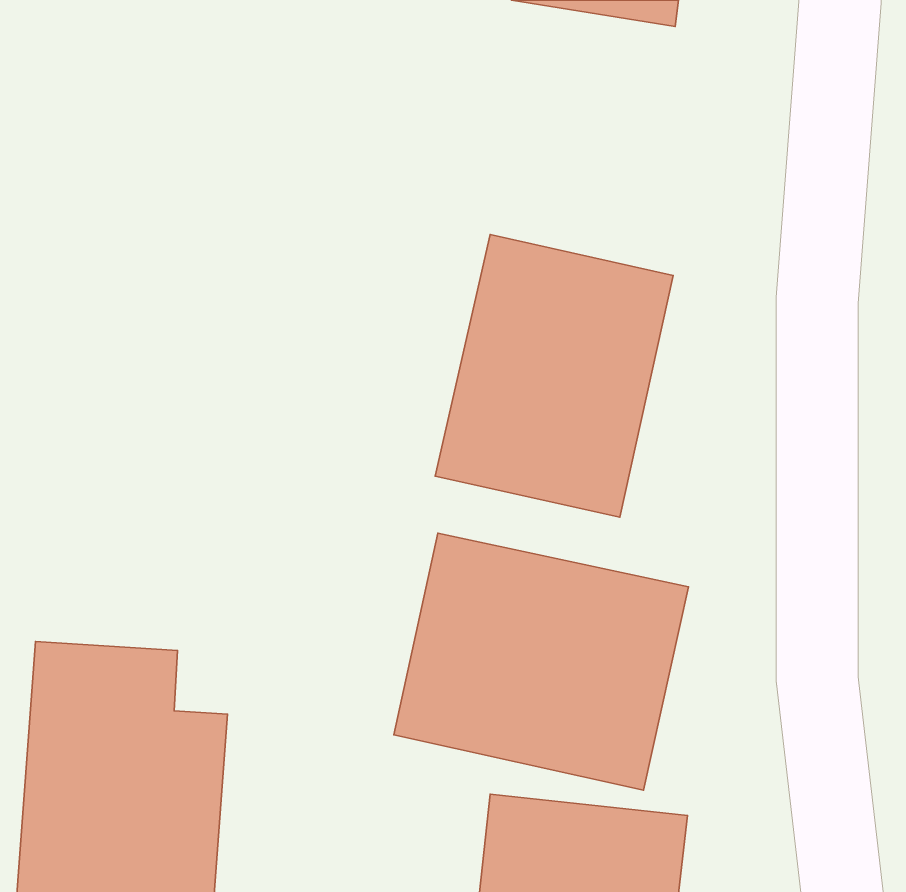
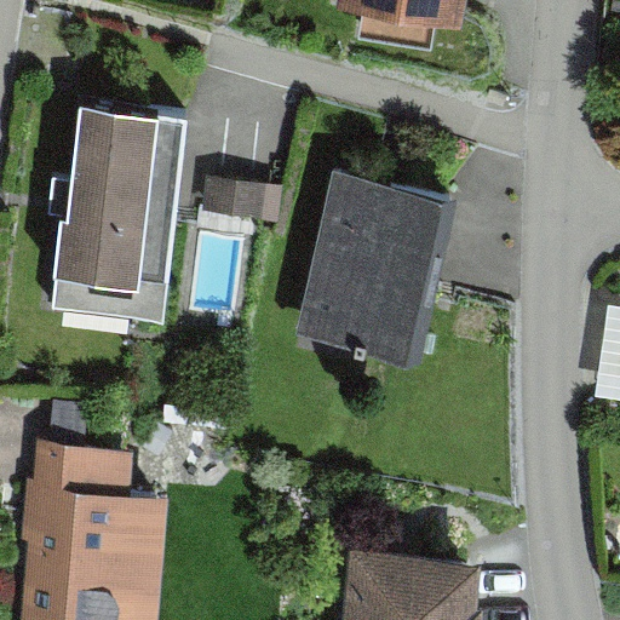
building: none -> [54,103,188,323]
building: [394,533,689,790] -> none

